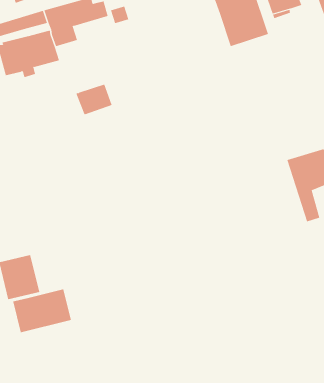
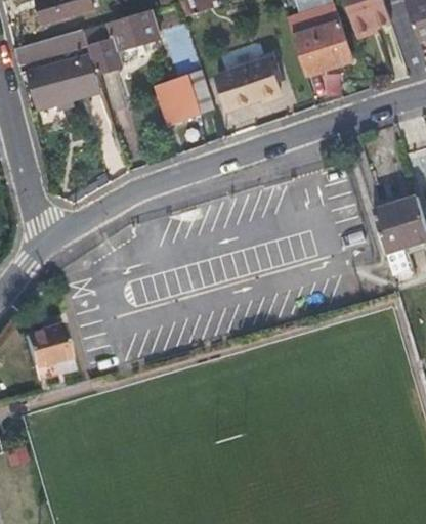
building: none -> [224,57,279,102]
building: [76,84,112,116] -> [157,85,201,123]
building: [12,289,71,333] -> none

